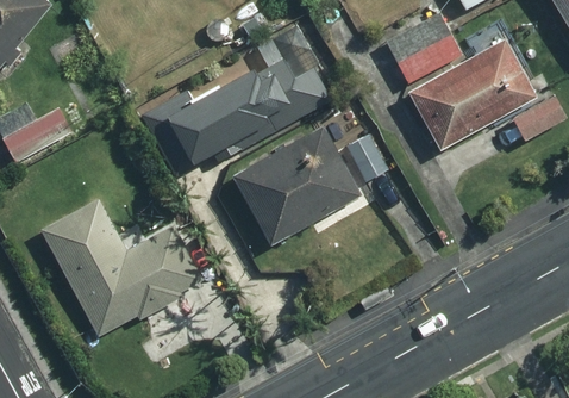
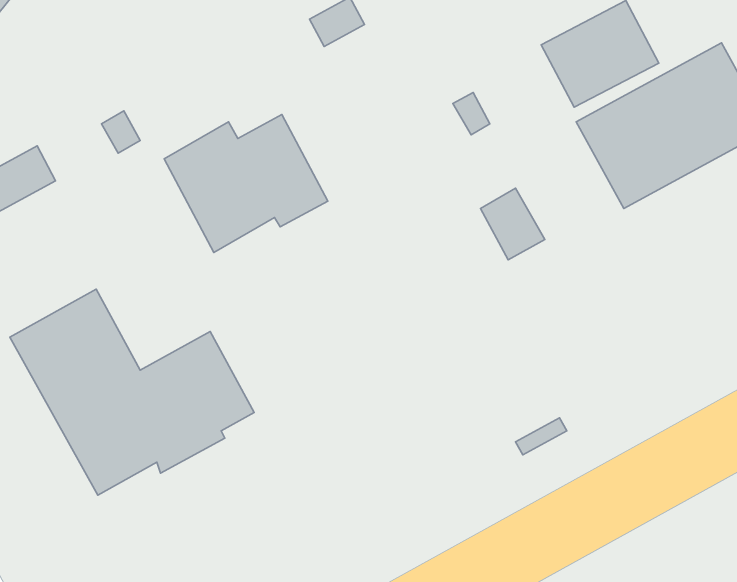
building: [219,61,331,143] -> none
building: [232,128,359,245] -> none

